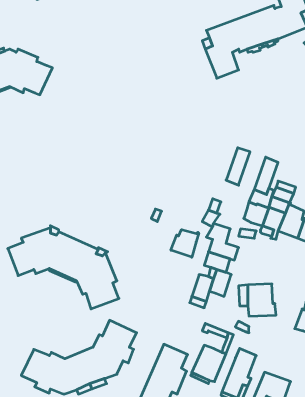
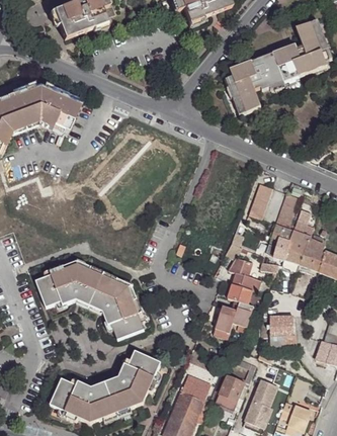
building: [171,230,199,257] -> none

